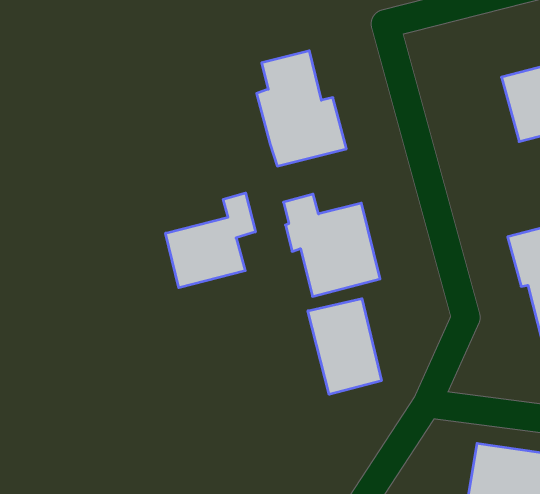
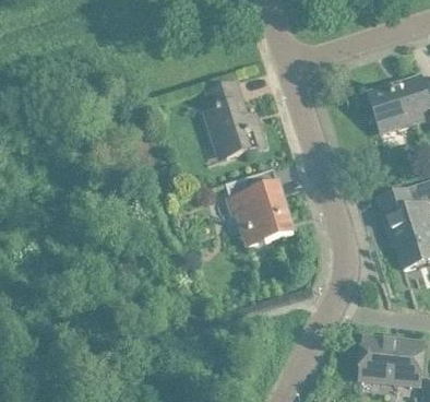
building: [166,193,255,288] -> none
building: [308,299,381,394] -> none

